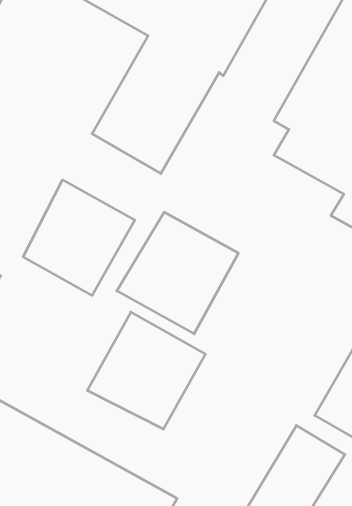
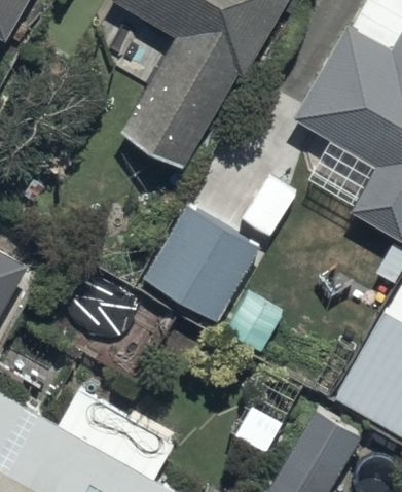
building: [23,180,135,295] -> none
building: [87,312,205,429] -> none

